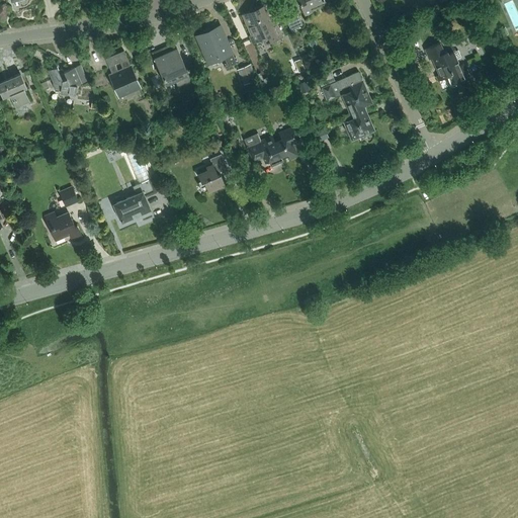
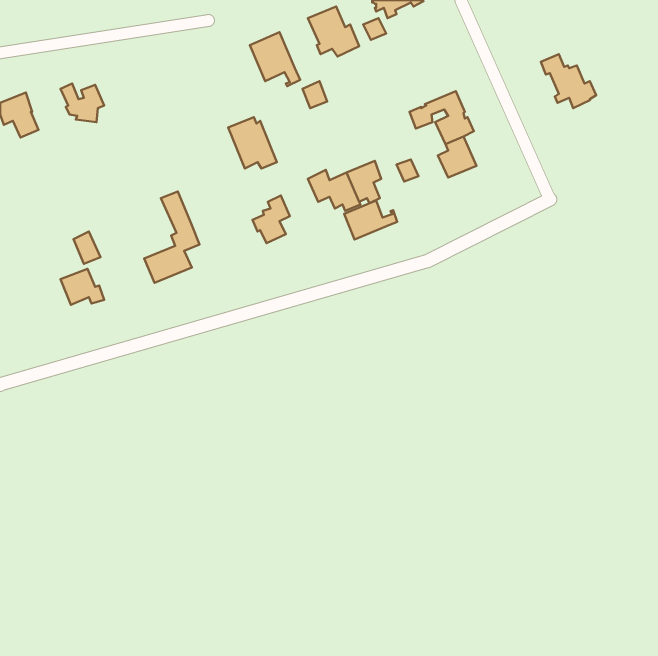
building: [152,46,190,86] -> [228,117,277,169]
building: [105,52,140,98] -> none
building: none -> [344,200,397,239]

